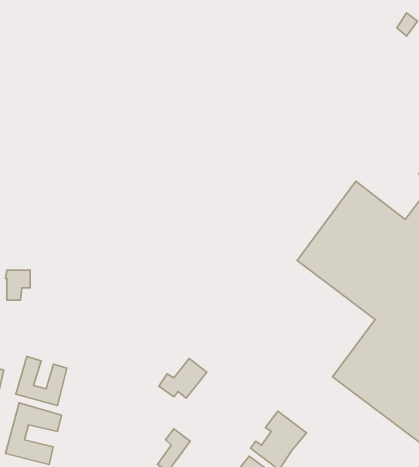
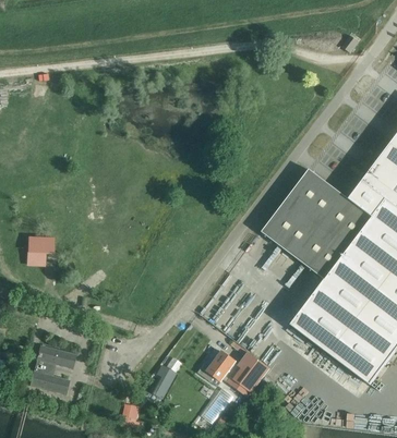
building: [16,356,67,406] -> none
building: [159,359,207,398] -> [197,350,236,381]

